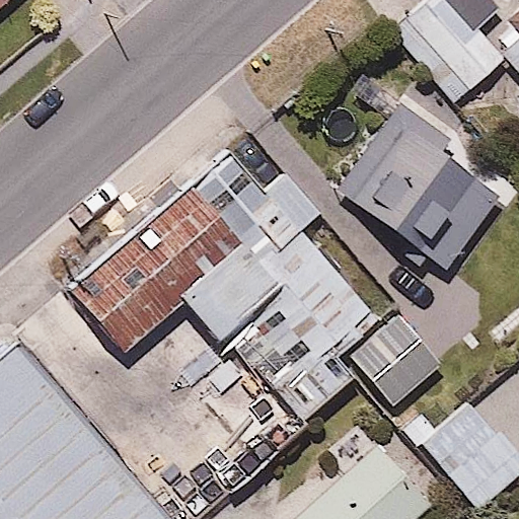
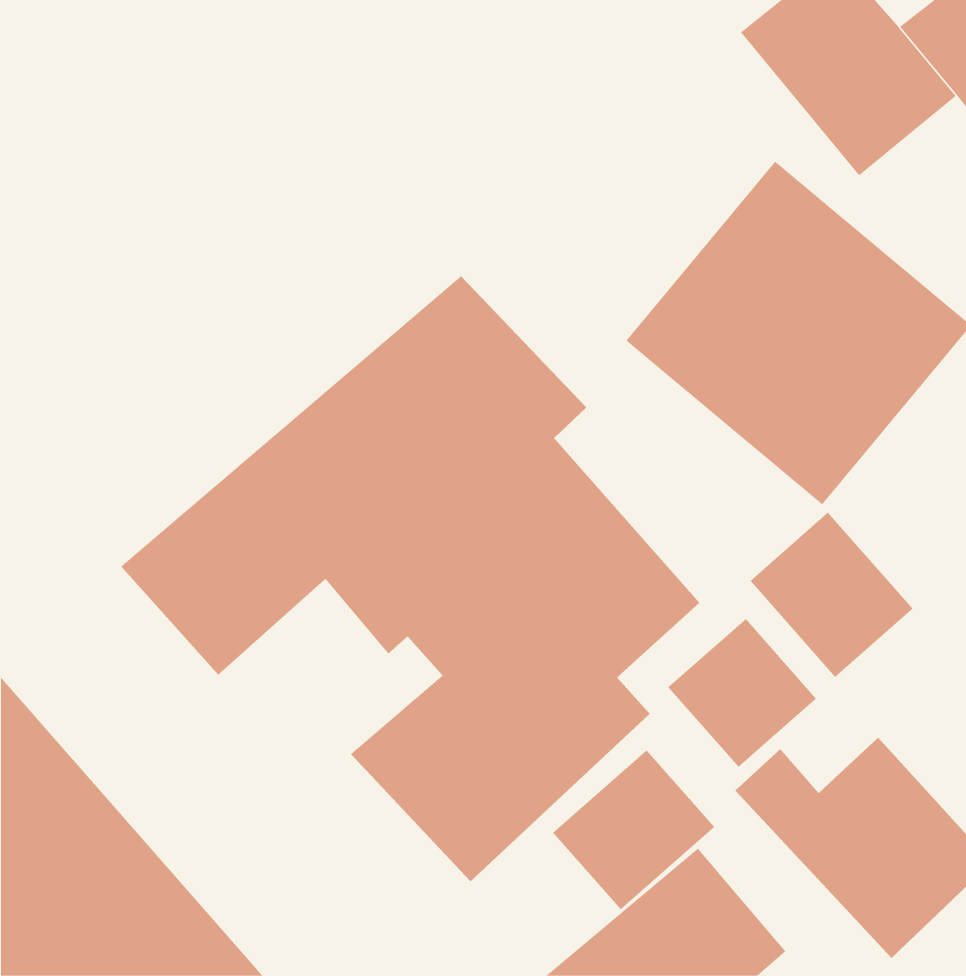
building: none -> [750,512,913,678]
building: none -> [552,749,715,910]

